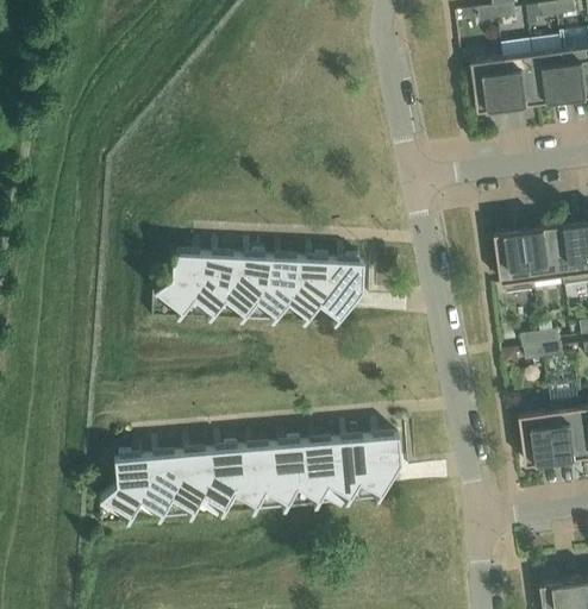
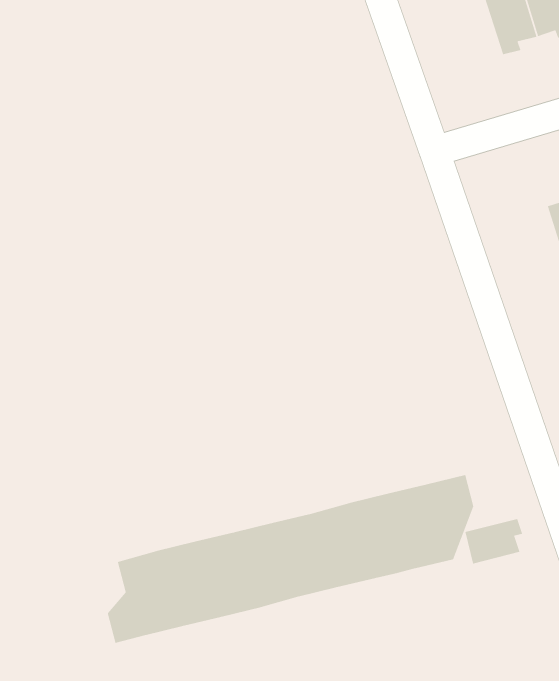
building: [152,252,364,324] -> none
building: none -> [465,518,523,565]

